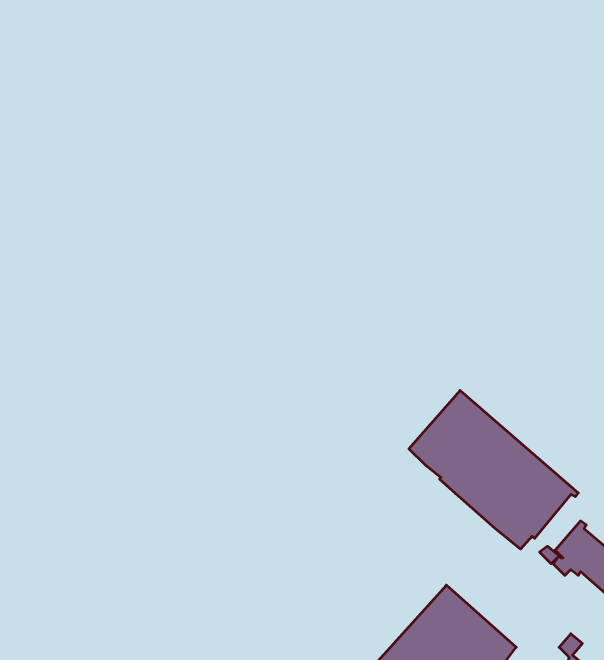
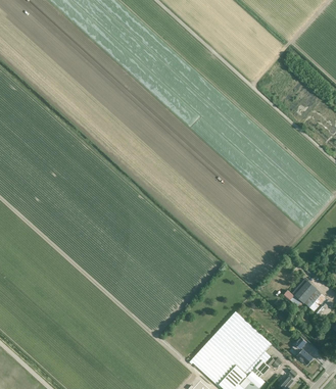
building: [409,390,578,549] -> none

